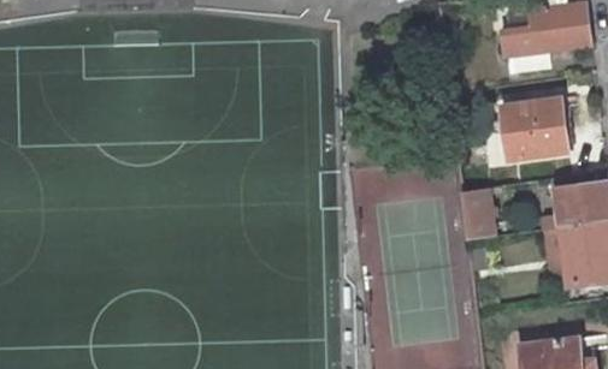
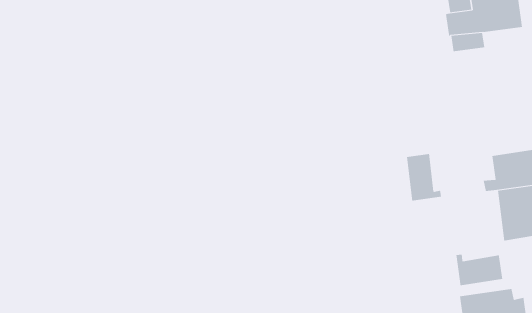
building: [502,97,567,159] -> none
building: none -> [456,254,503,286]

